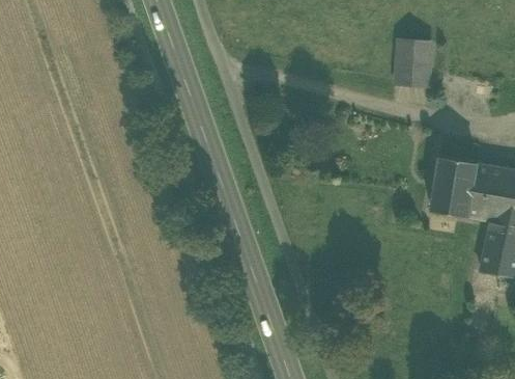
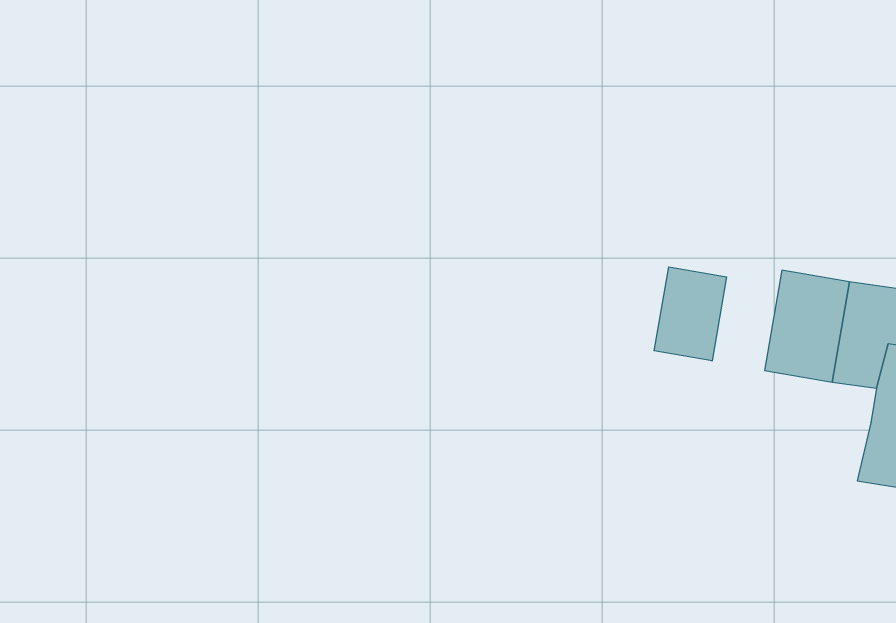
building: [396,40,431,84] -> none
building: none -> [654,267,727,361]

